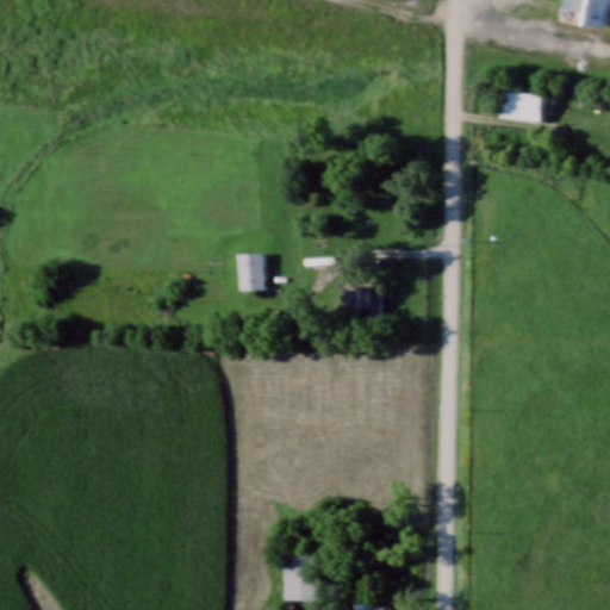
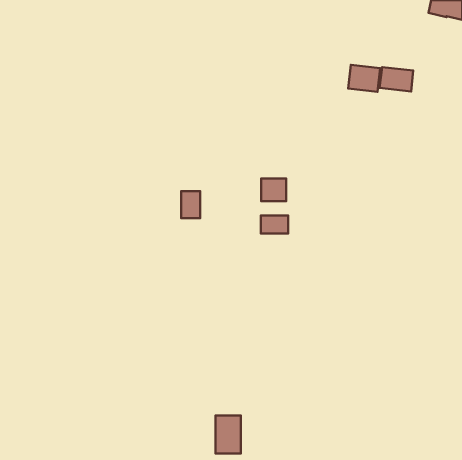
building: none -> [348,65,380,92]
building: none -> [261,179,286,201]

